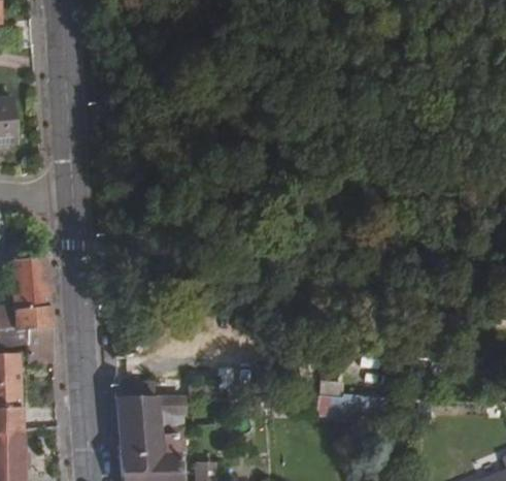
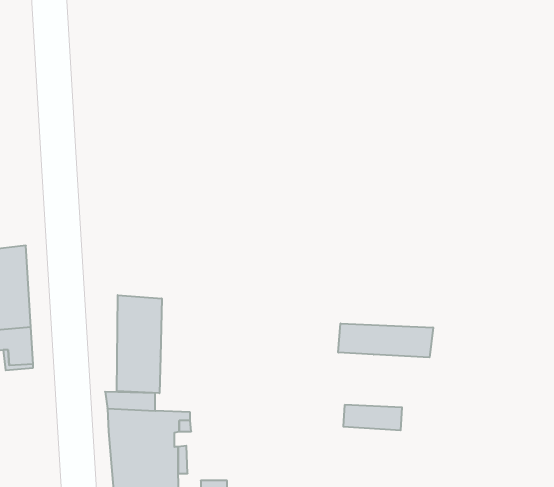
building: none -> [117,295,162,393]
building: none -> [338,323,433,357]

